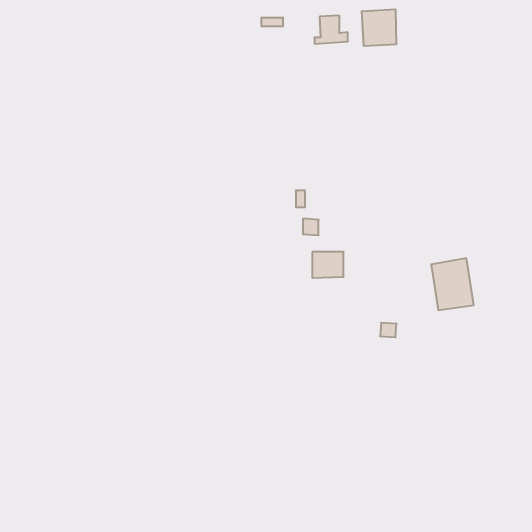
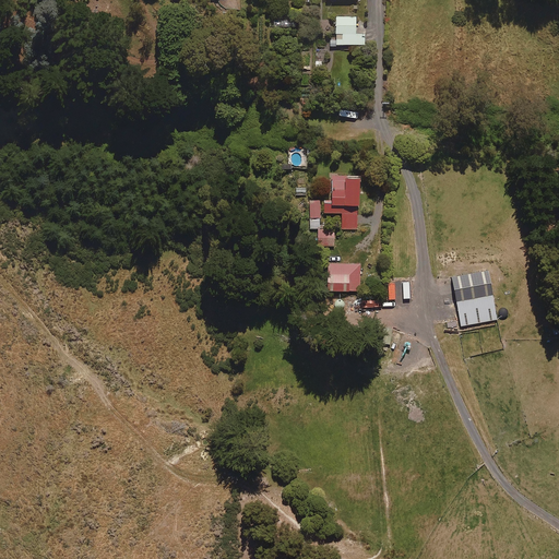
building: [362,9,396,46] -> none
building: none -> [324,176,360,229]

